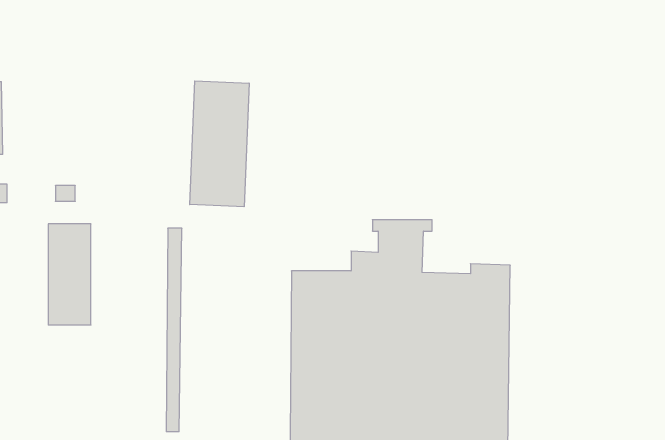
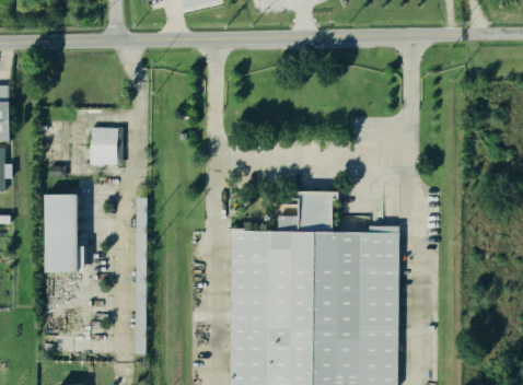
building: [190,81,249,207] -> none
building: none -> [88,127,116,164]

